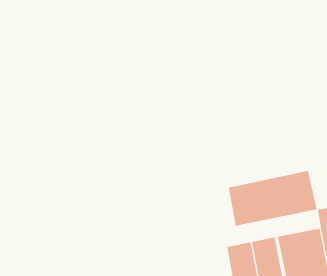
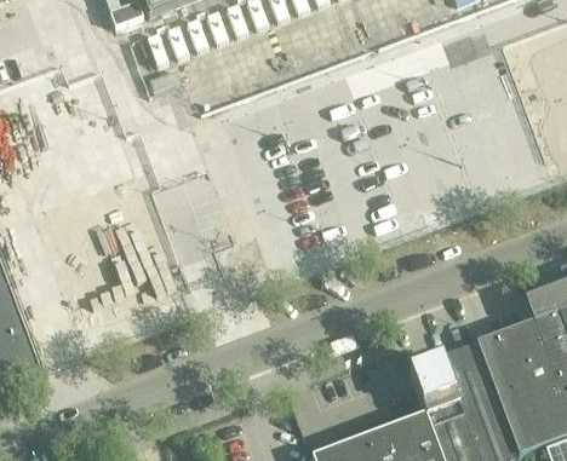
building: [228,170,317,226] -> none

